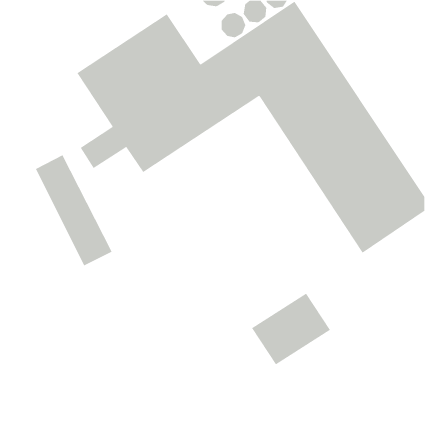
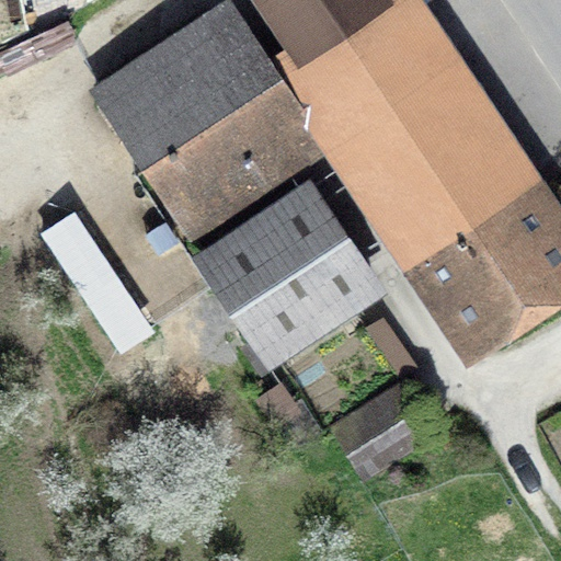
building: none -> [202,190,368,355]

